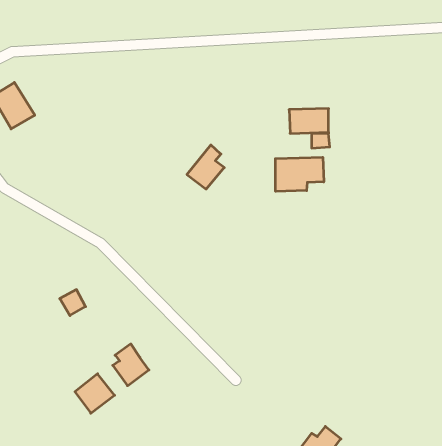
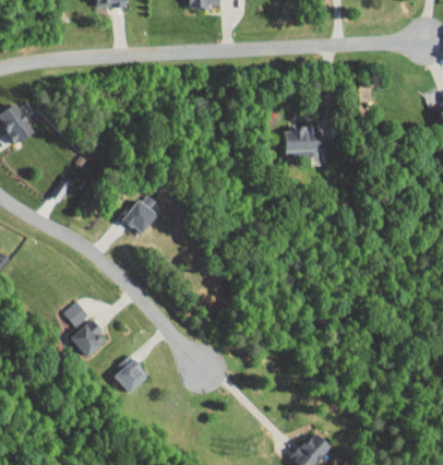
building: [187,145,224,189] -> [123,193,159,236]
building: [275,157,324,191] -> none
building: [75,374,115,413] -> [69,319,107,357]

